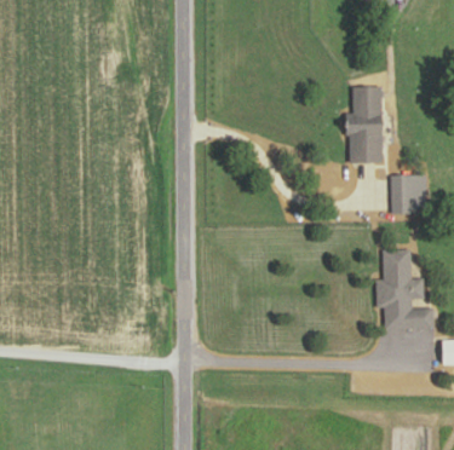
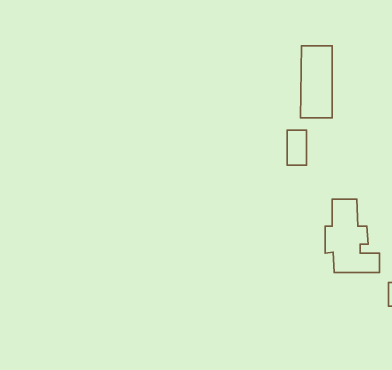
building: [391,177,412,214] -> [287,130,306,165]

